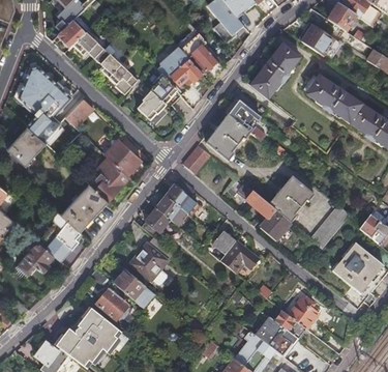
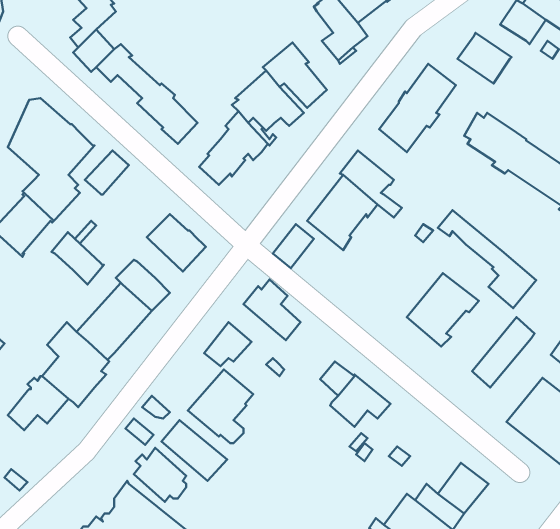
building: [96,154,129,188] -> [52,232,104,284]
building: [229,177,291,239] -> [438,210,536,308]
building: [156,195,187,224] -> none

